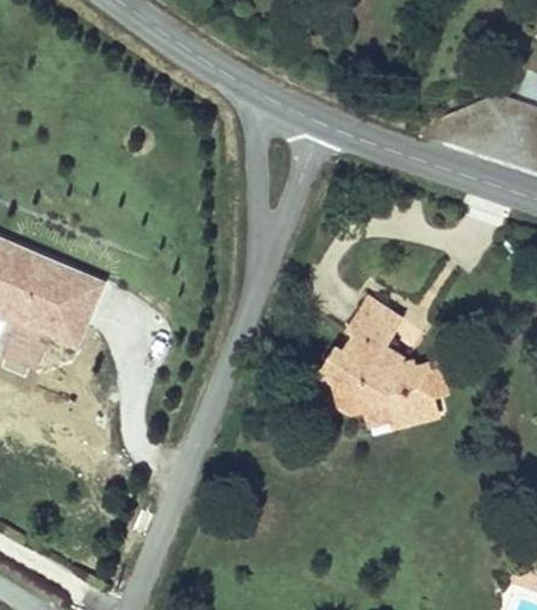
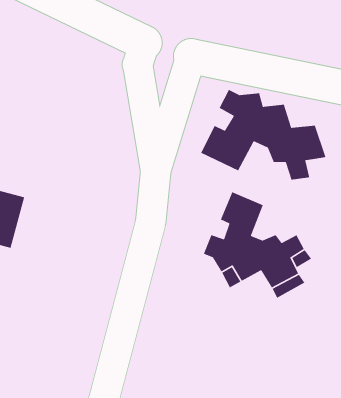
building: none -> [200,89,326,181]

